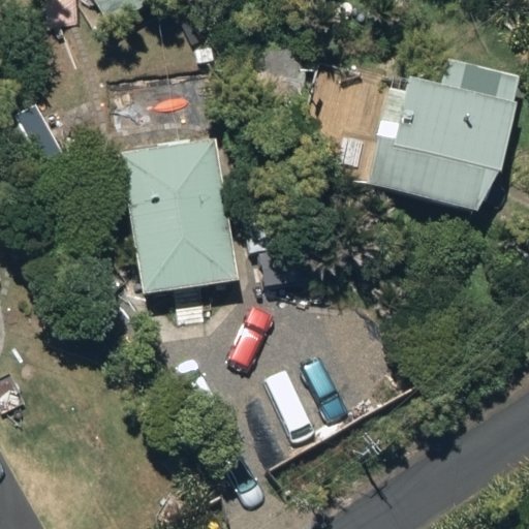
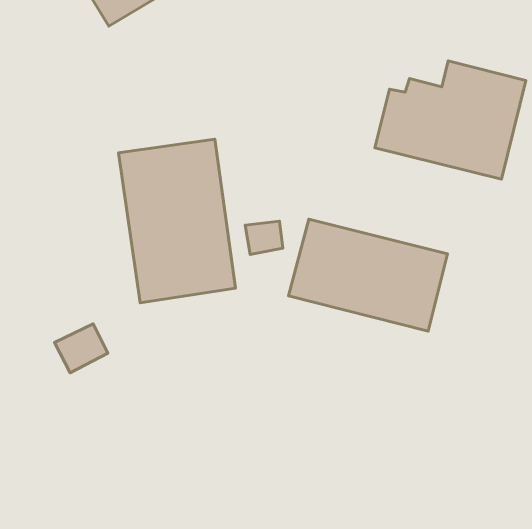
building: none -> [289,219,447,331]

